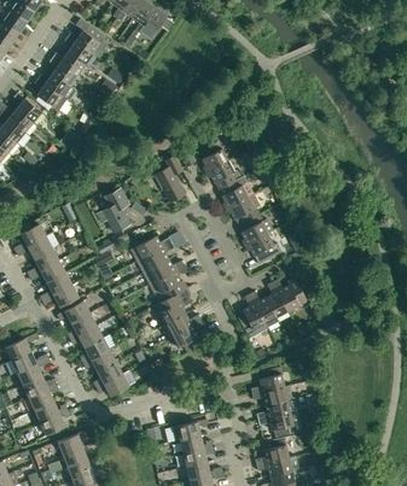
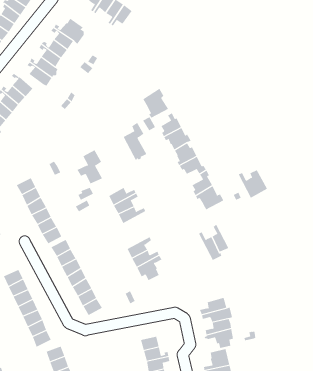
building: none -> [142,88,169,119]
building: [155,265,187,299] -> none
building: [272,275,309,311] -> [238,169,268,198]
building: [237,293,267,339] -> none

